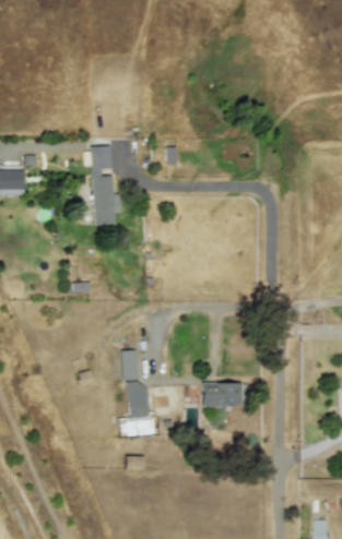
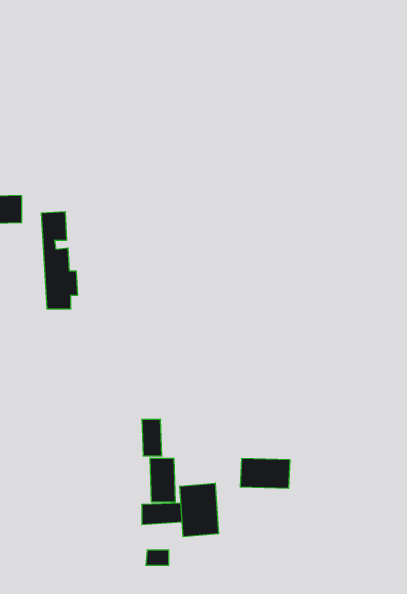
building: [91,145,120,224] -> [41,212,78,309]
building: none -> [180,483,219,537]

